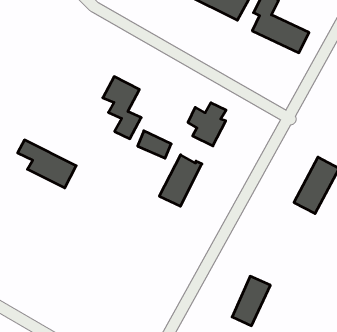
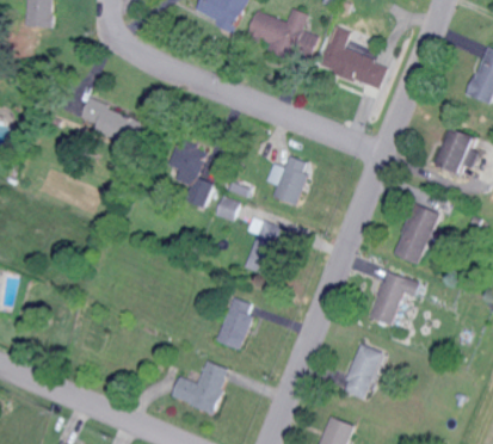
building: [18,140,76,188] -> [81,101,148,149]
building: none -> [370,271,420,326]
building: none -> [217,297,252,350]
building: none -> [171,362,228,413]

